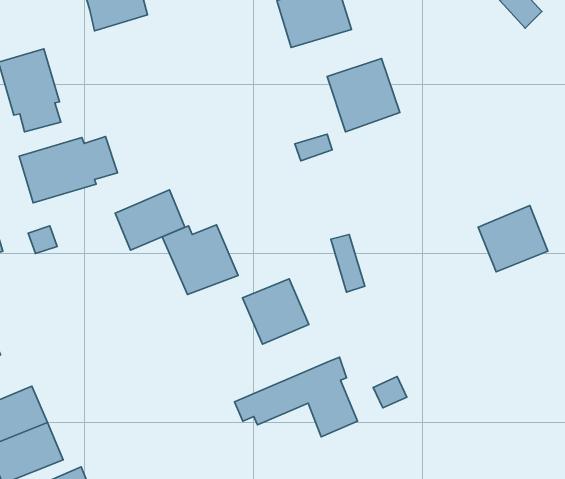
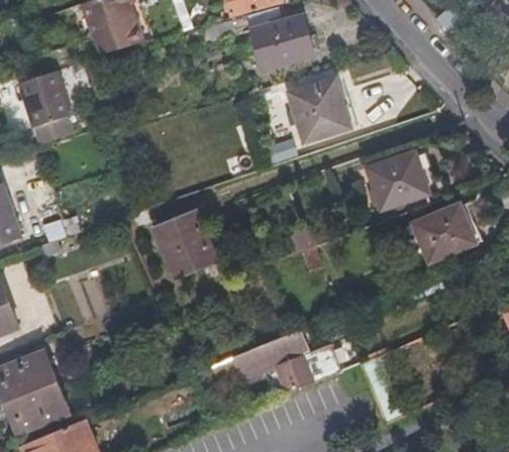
building: [19,137,117,203] -> none
building: none -> [369,149,430,207]
building: [115,190,185,250] -> none
building: [242,279,309,344] -> none

